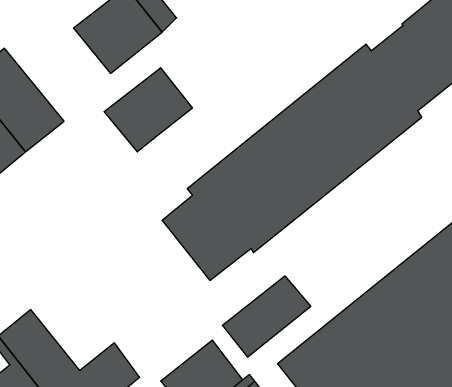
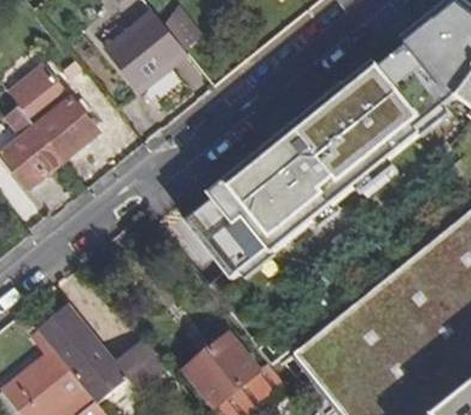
building: [104,68,192,152] -> none
building: [222,276,311,357] -> none

